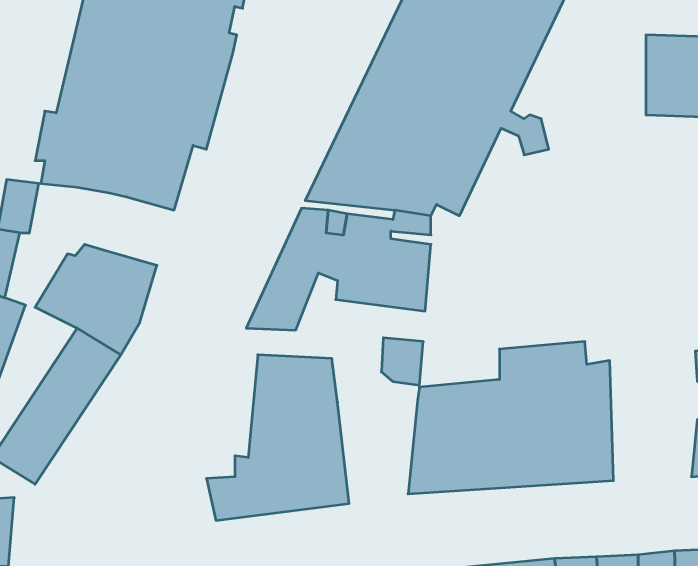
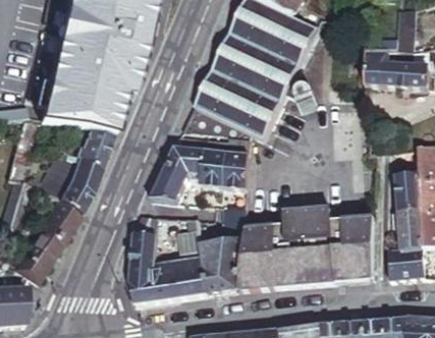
building: none -> [75,127,113,166]
building: none -> [130,213,158,280]
building: none -> [346,214,378,281]
building: none -> [201,238,243,293]

